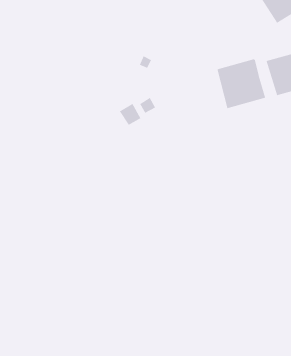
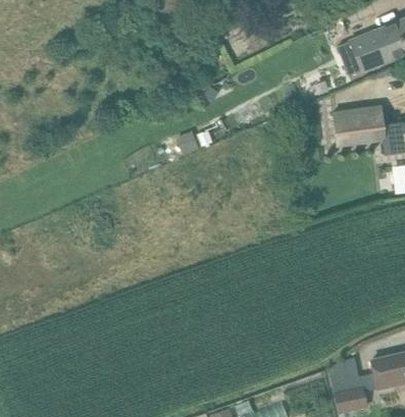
building: [216,59,266,109] -> none

